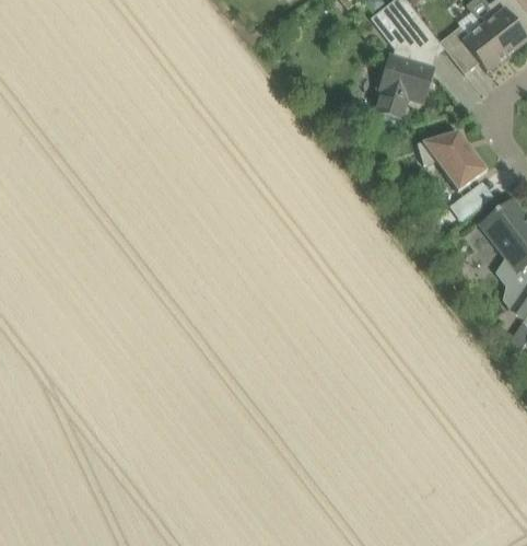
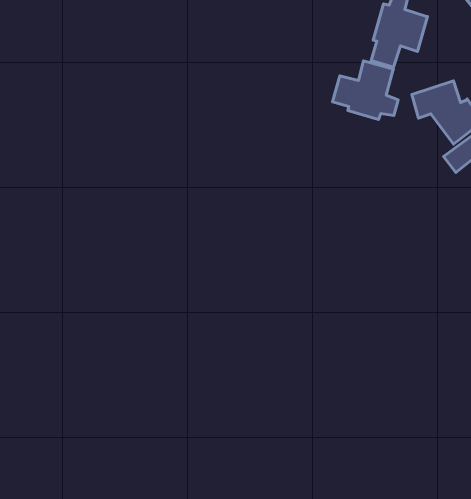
building: none -> [333,61,398,120]

